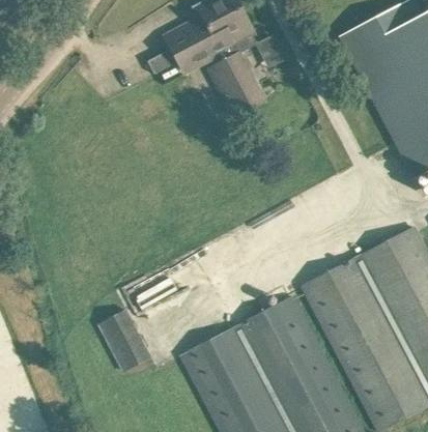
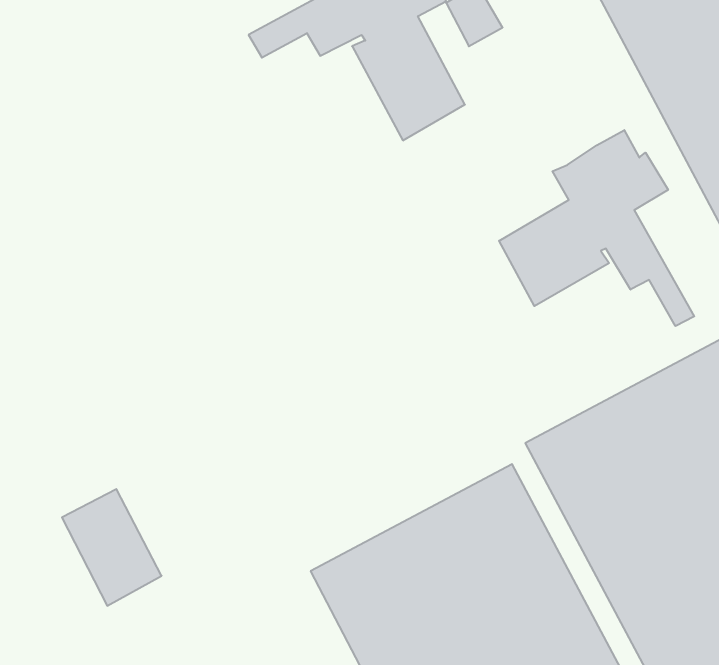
building: none -> [499,130,694,326]
building: [96,309,151,373] -> [62,489,162,606]

